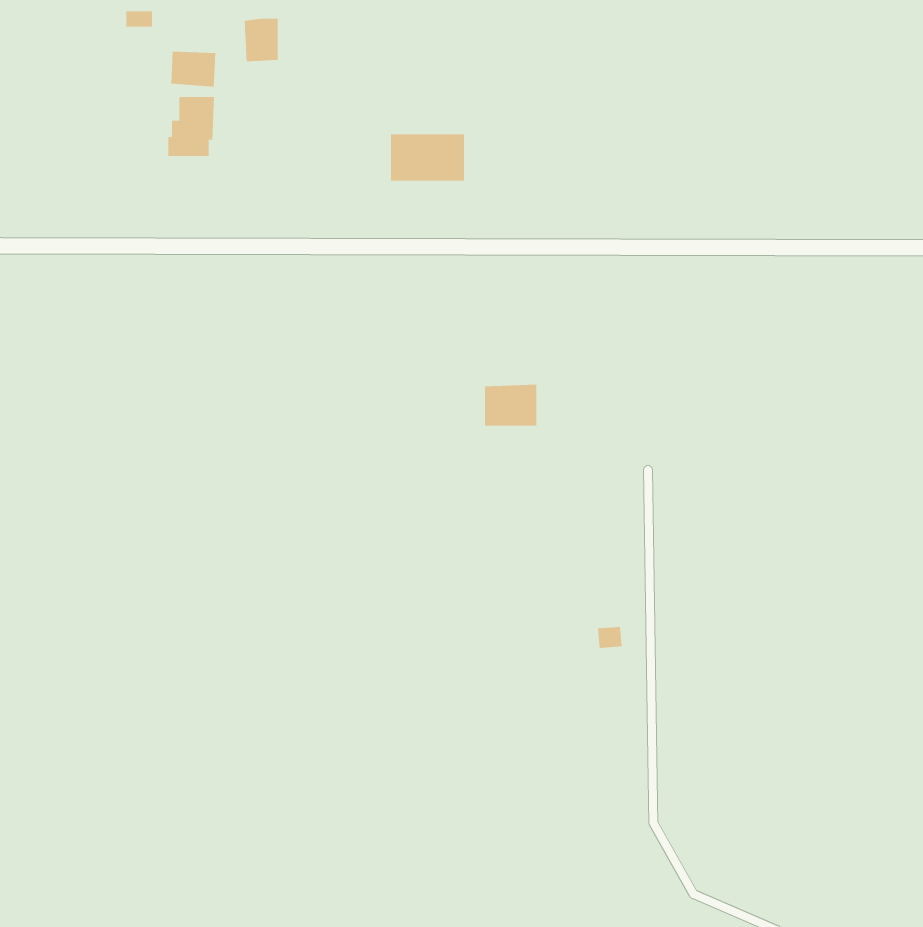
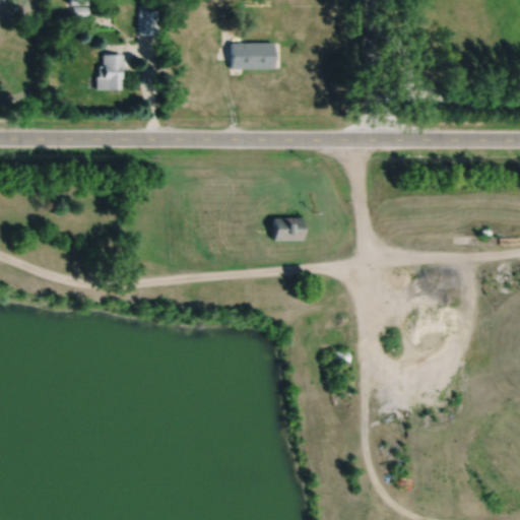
building: [171,51,216,87] -> none
building: [390,134,465,181] -> [233,44,274,70]

